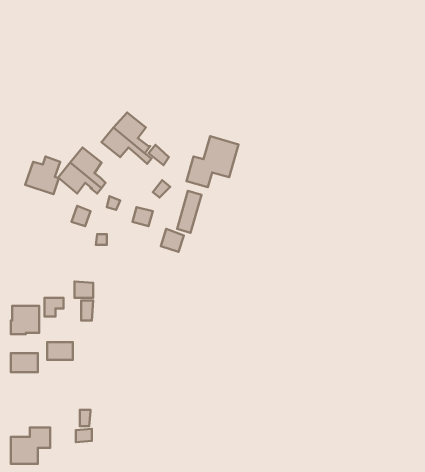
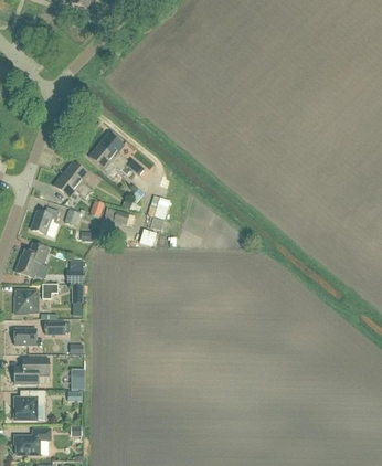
building: [186,136,239,187] -> none
building: [25,156,60,194] -> [30,205,59,236]
building: none -> [14,242,47,277]
building: none -> [13,357,47,383]

